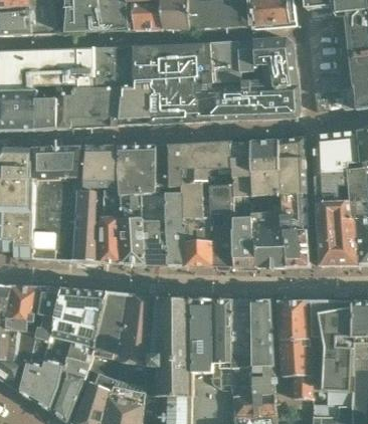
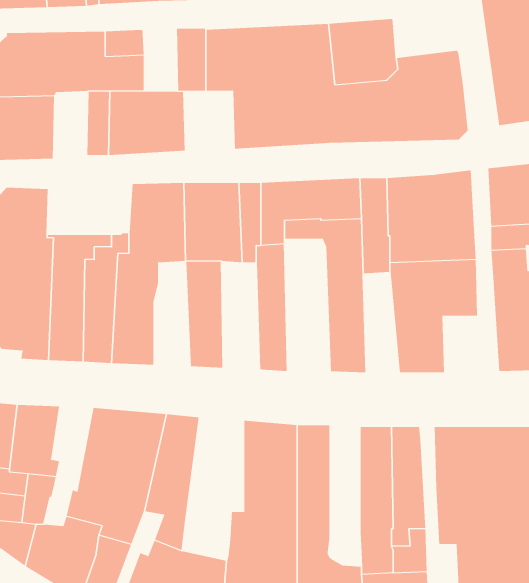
building: [252,37,294,65] -> none
building: [93,46,115,86] -> none
building: [35,86,57,130] -> none
building: [119,86,151,125] -> none
building: [31,147,81,178] -> none
building: [183,181,212,265] -> none
building: [100,195,123,262] -> none
building: [143,195,167,264] -> none
building: [233,202,256,266] -> none
building: [285,230,310,266] -> none
building: [34,287,60,342] -> none
building: [120,294,157,373] -> none
building: [211,299,232,390] -> none

